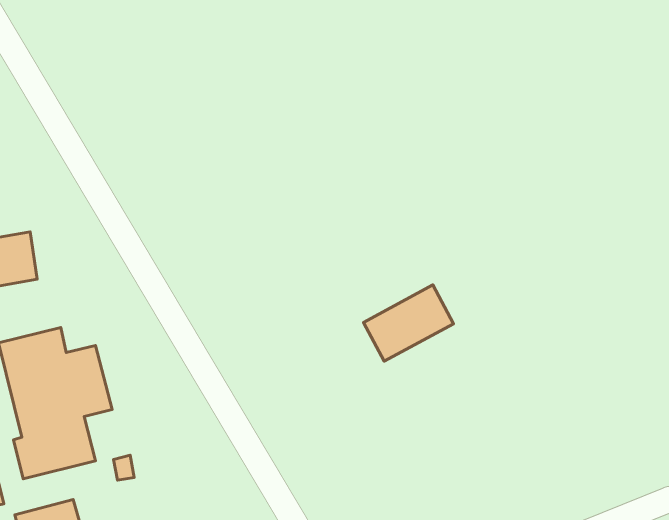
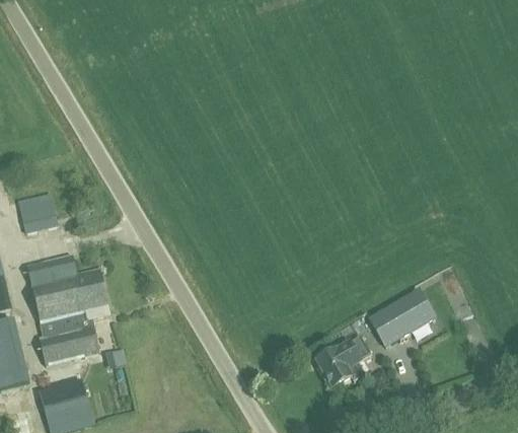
building: [364,285,454,361] -> [371,289,437,345]
building: none -> [315,335,371,388]

